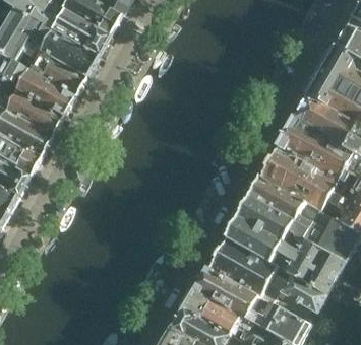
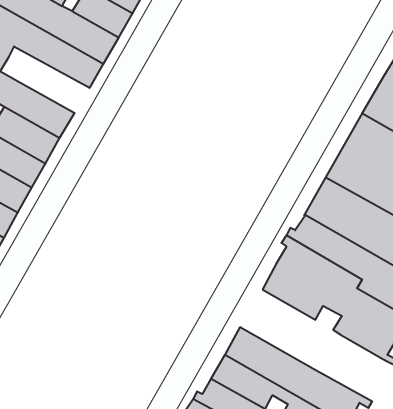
building: [21,41,86,94] -> none
building: [207,236,324,312] -> none

